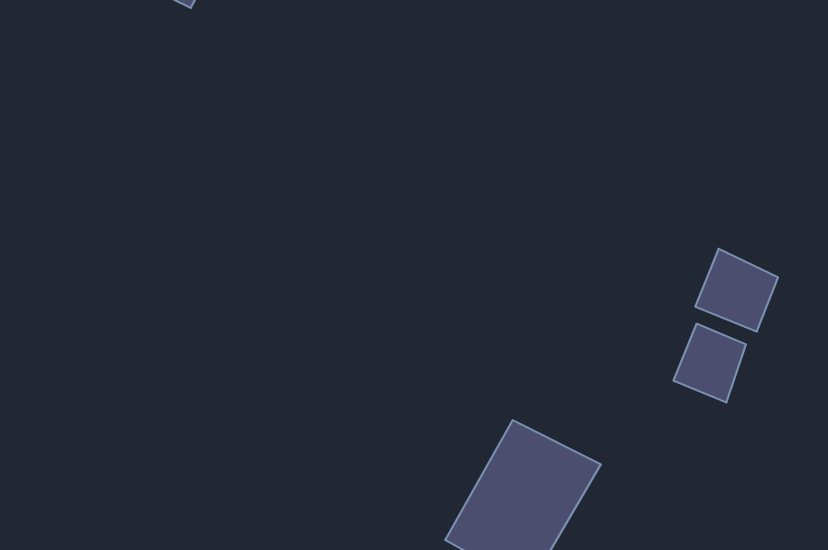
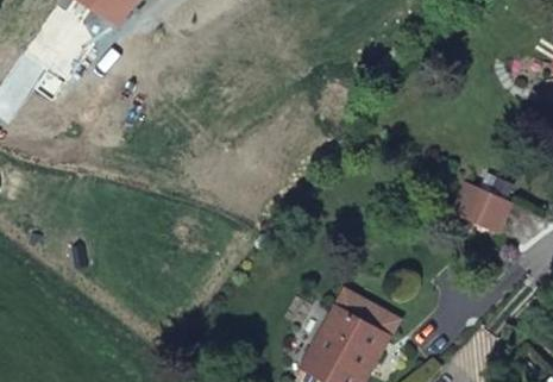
building: [674,324,746,403] -> none

